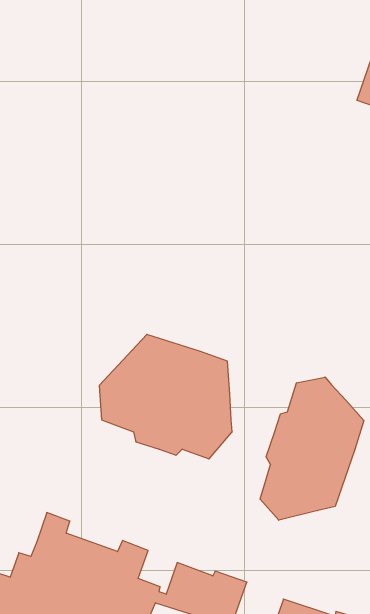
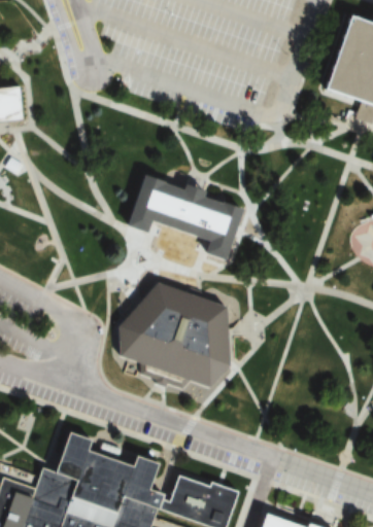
building: none -> [132,171,249,254]
building: [260,377,364,520] -> none

